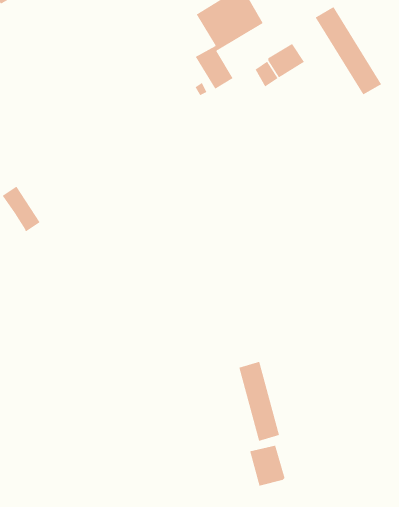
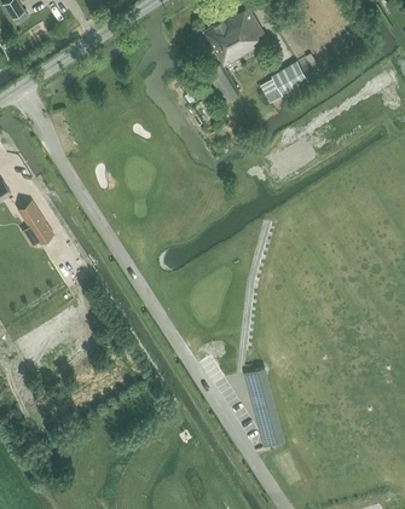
building: [315,6,382,95] -> none
building: [249,445,285,486] -> none

